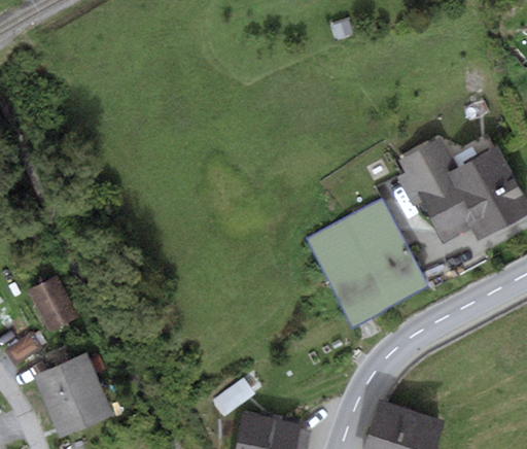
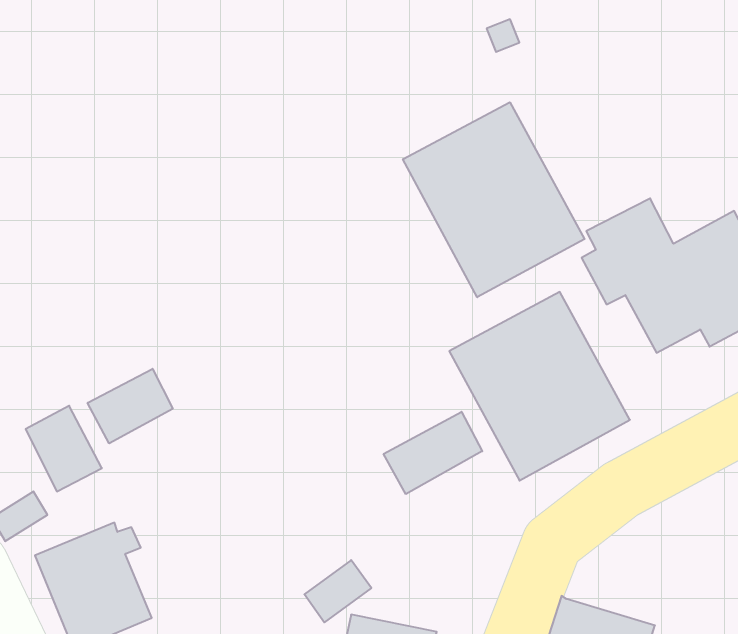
building: none -> [403,102,585,297]
building: none -> [88,369,173,443]
building: none -> [384,412,482,494]

